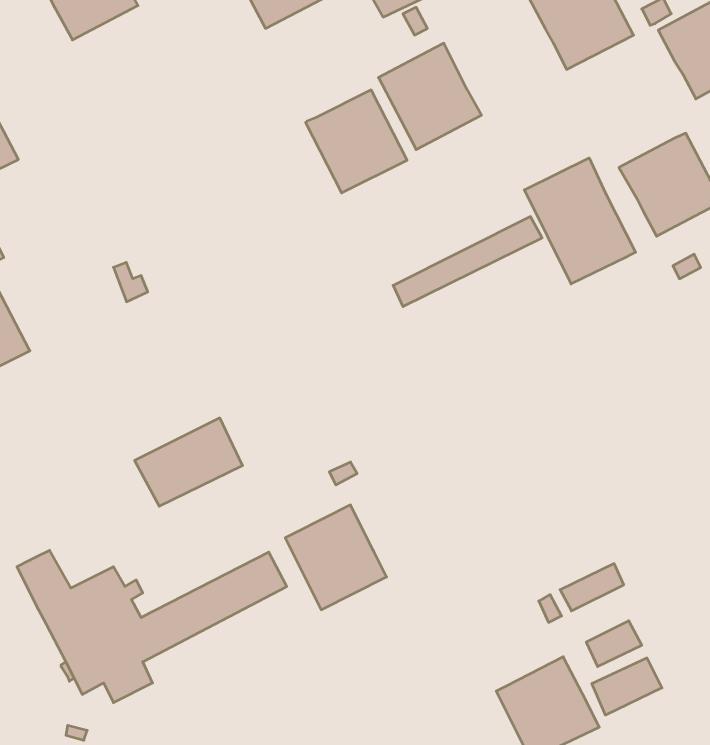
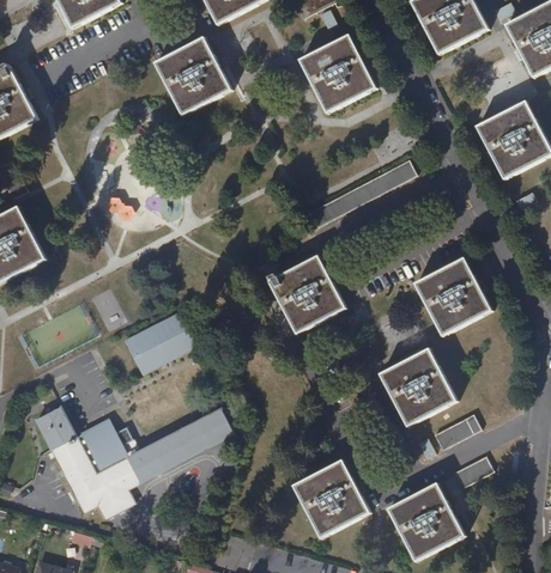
building: [306,90,407,193] -> [157,38,231,114]
building: [524,158,636,284] -> none
building: none -> [270,256,346,333]
building: none -> [416,258,492,336]
building: none -> [381,349,455,426]
building: [285,505,387,610] -> [293,459,368,536]
building: [592,658,662,715] -> none

